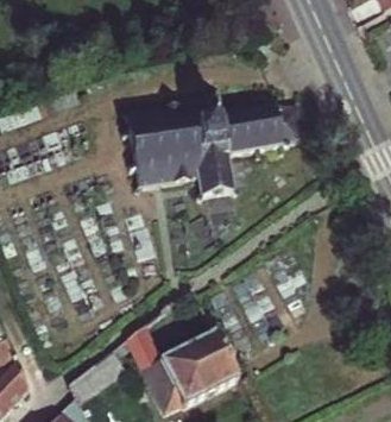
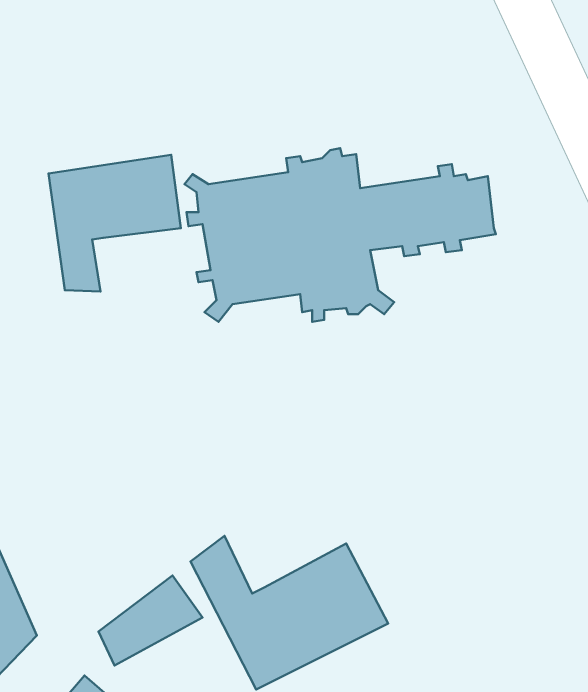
building: none -> [49,155,181,291]

